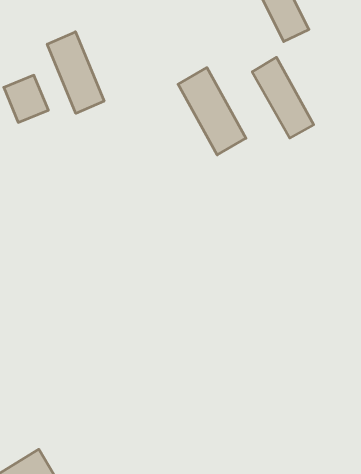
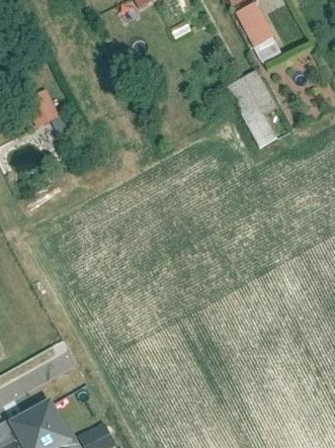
building: [47,32,104,113] -> none
building: [178,68,246,155] -> none

